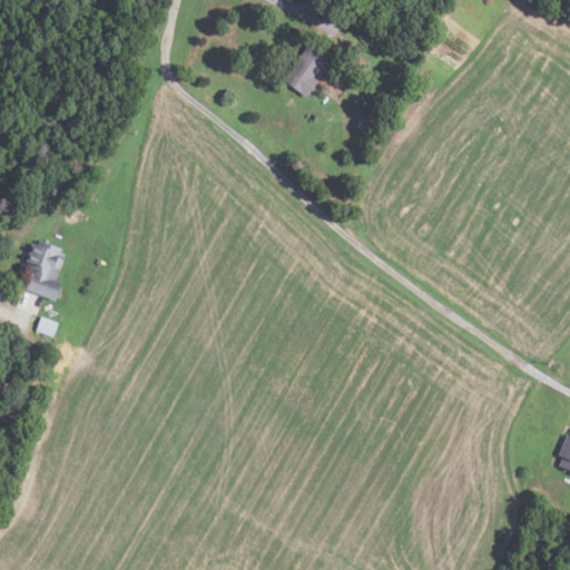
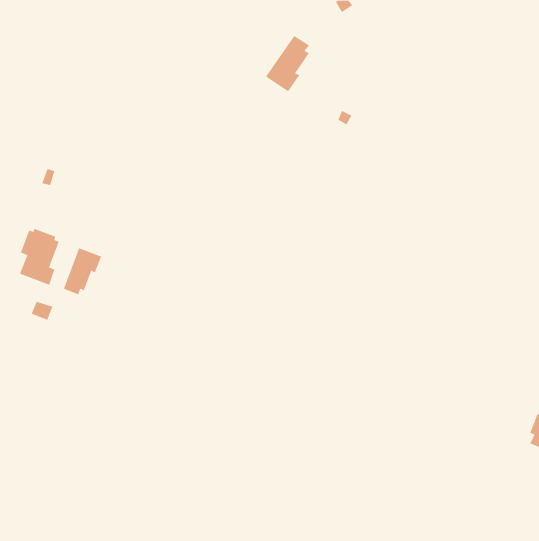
building: none -> [63,248,102,295]

